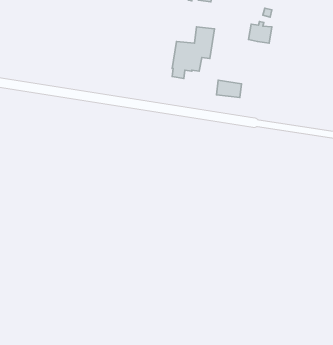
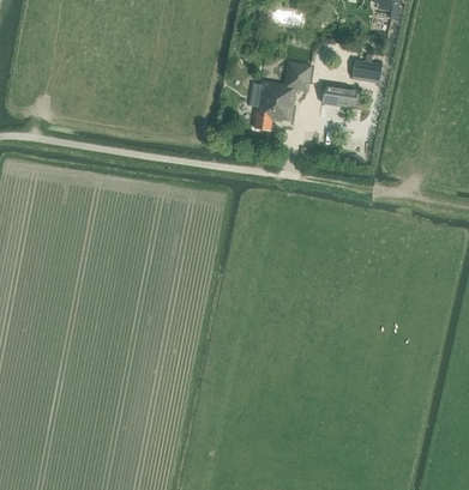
building: [216,80,242,97] -> [324,85,357,108]

